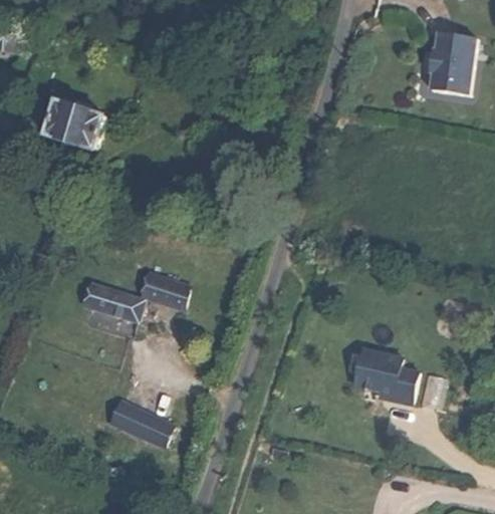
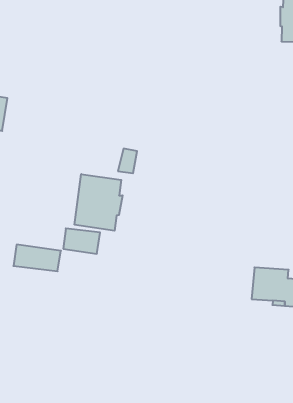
building: none -> [75,174,123,231]
building: [110,398,173,443] -> none

